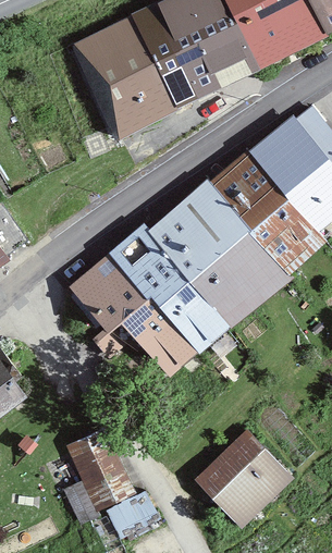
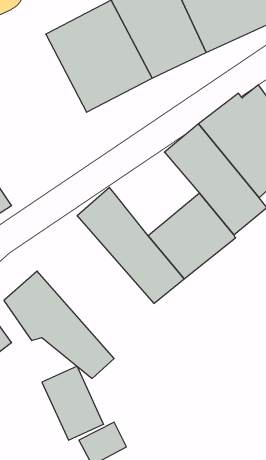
building: [148,179,246,278] -> none
building: [67,255,194,378] -> [4,271,114,378]
building: [196,428,295,527] -> none

